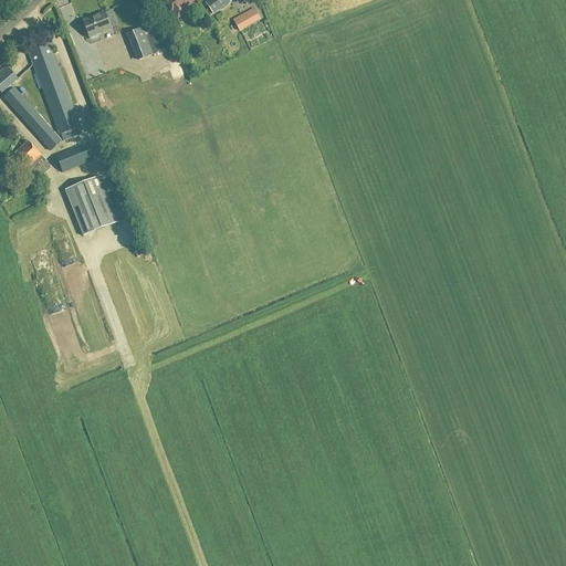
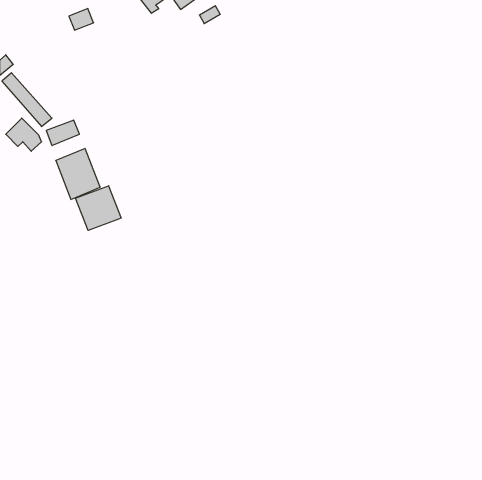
building: [128,24,161,57] -> none
building: [27,42,80,138] -> none
building: none -> [75,186,121,230]

